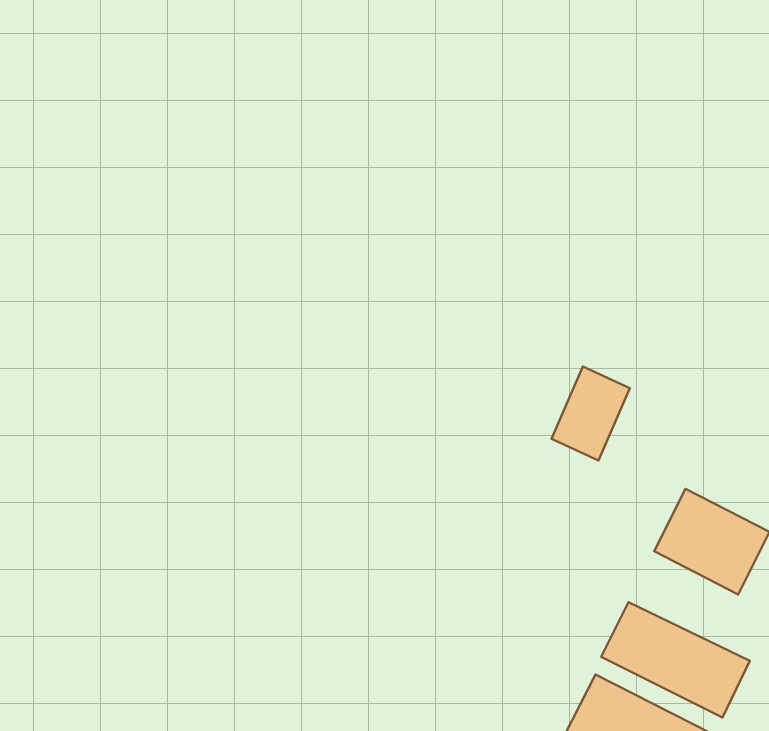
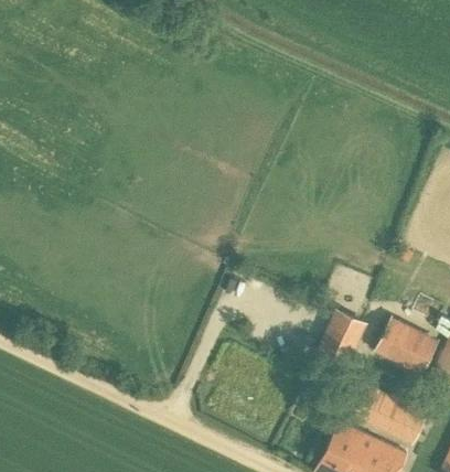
building: [551,367,630,460] -> [320,311,364,364]

